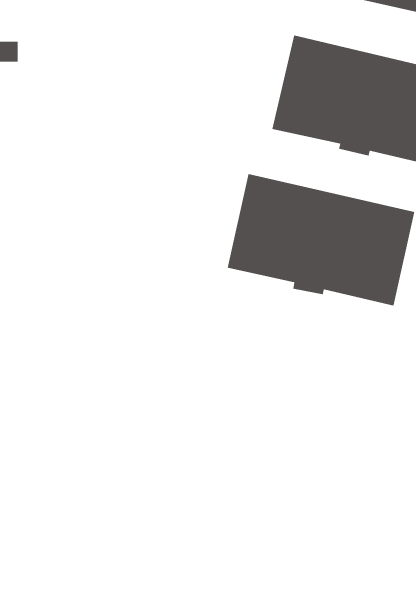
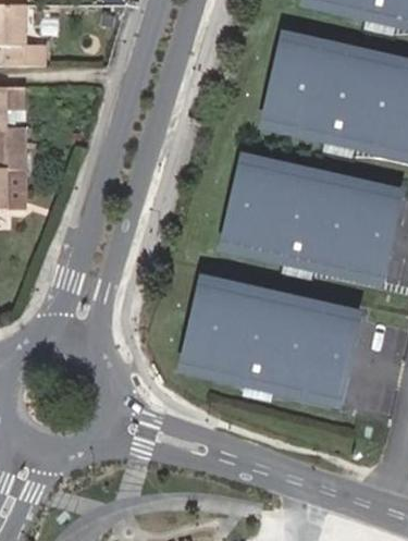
building: none -> [185,283,351,399]

